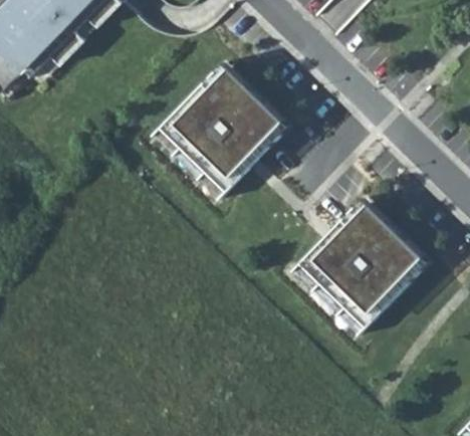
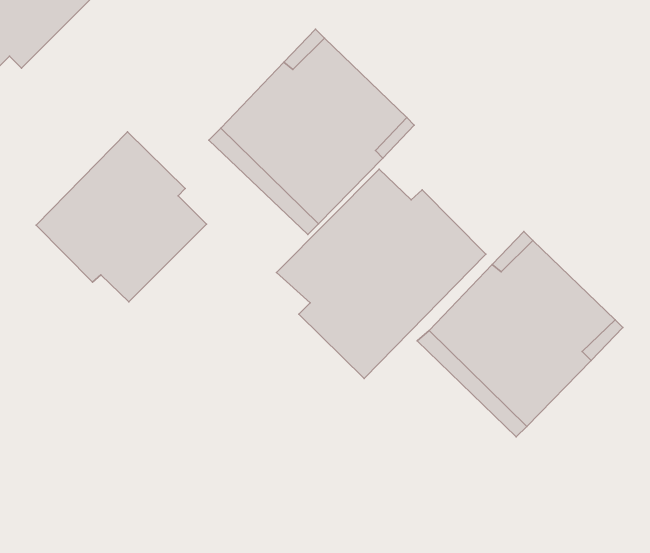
building: none -> [36,132,206,302]
building: none -> [277,169,486,378]

